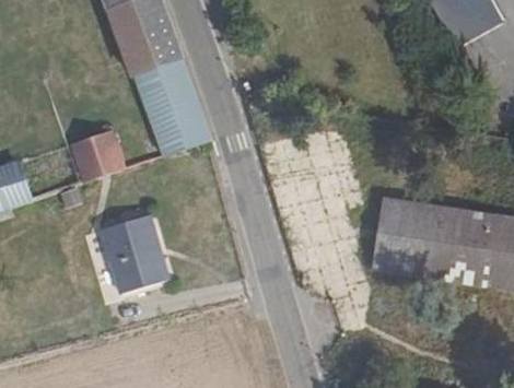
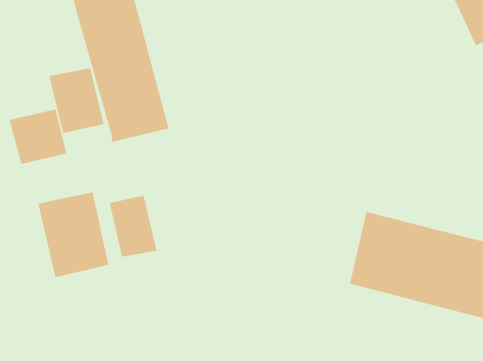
building: none -> [48,68,104,134]
building: none -> [109,195,157,258]

